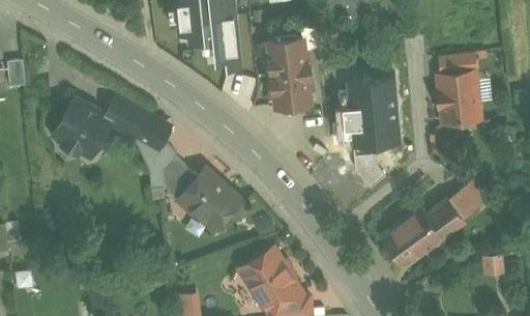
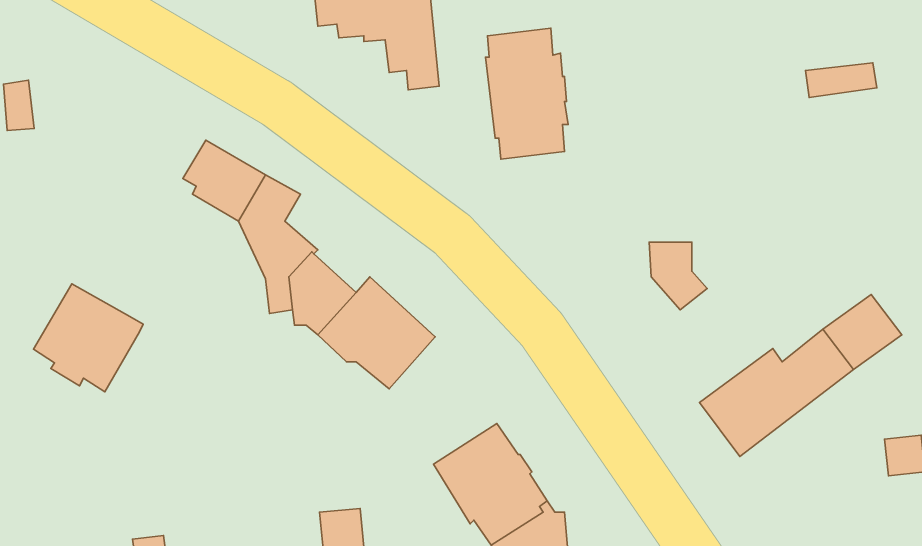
building: [438,71,479,123] -> none
building: [343,76,401,145] -> none
building: [53,99,112,157] -> [33,284,143,392]

